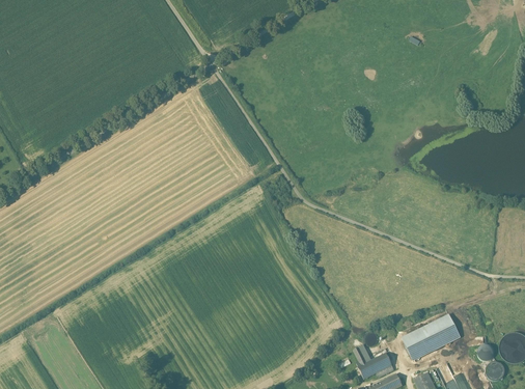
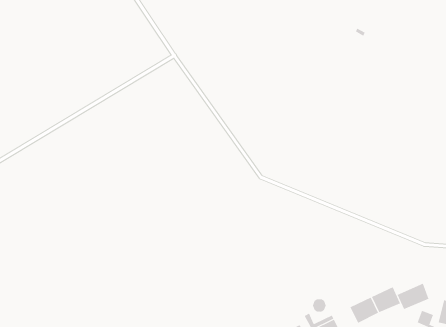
building: none -> [397,283,429,310]

